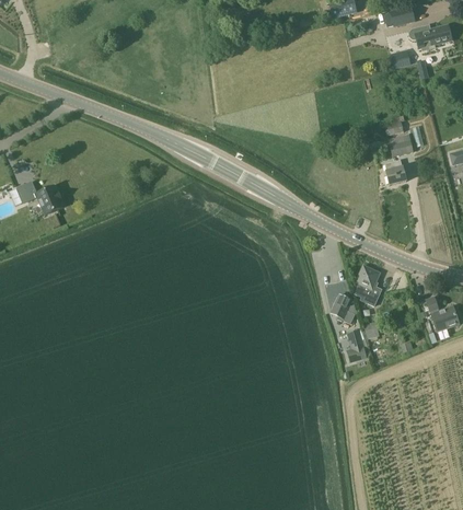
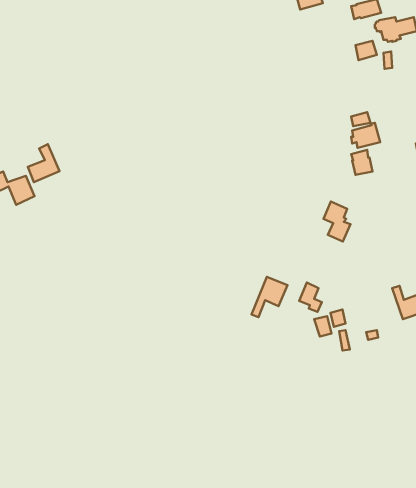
building: none -> [28,144,59,182]
building: [356,264,383,304] -> [323,201,350,241]
building: none -> [251,277,288,317]

